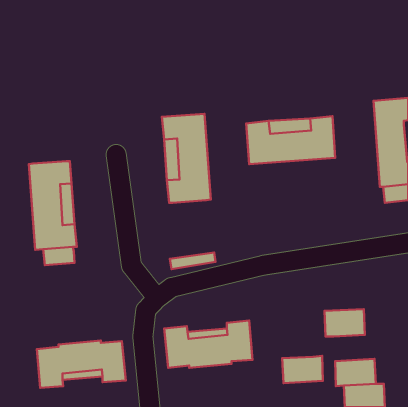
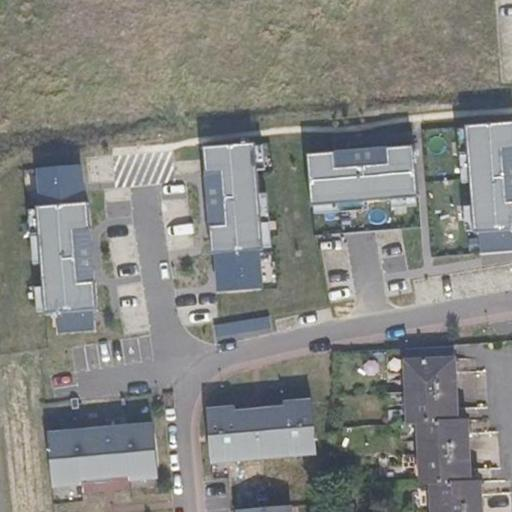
building: none -> [38,163,83,204]
building: none -> [215,250,260,291]
building: none -> [403,342,454,388]
building: [282,356,323,383] -> [416,417,467,451]

